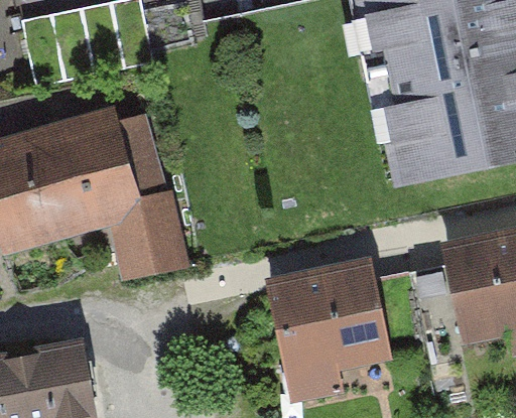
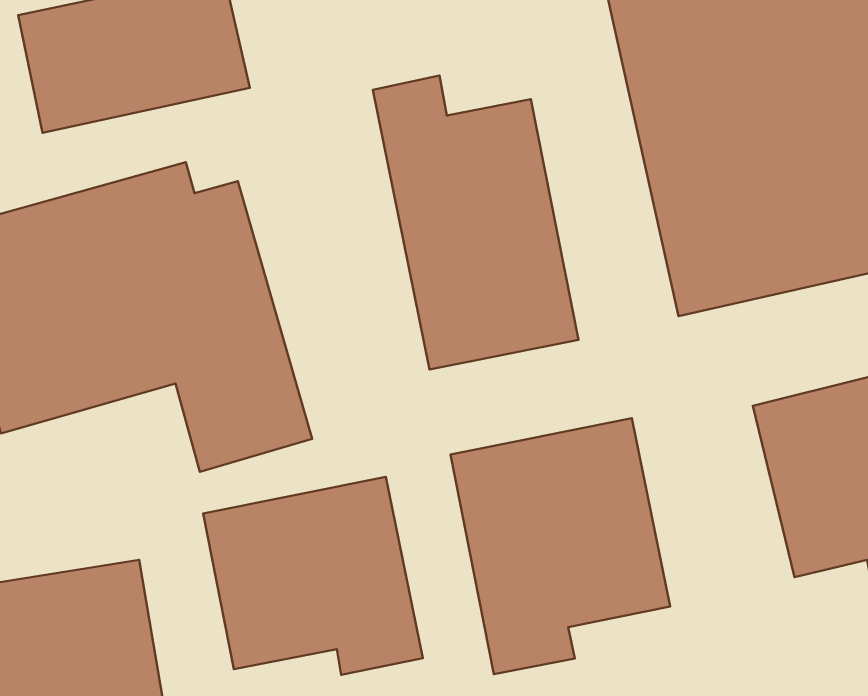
building: none -> [373,76,579,370]
building: none -> [203,477,423,675]

